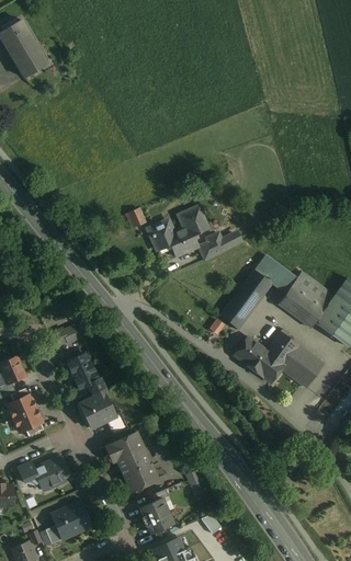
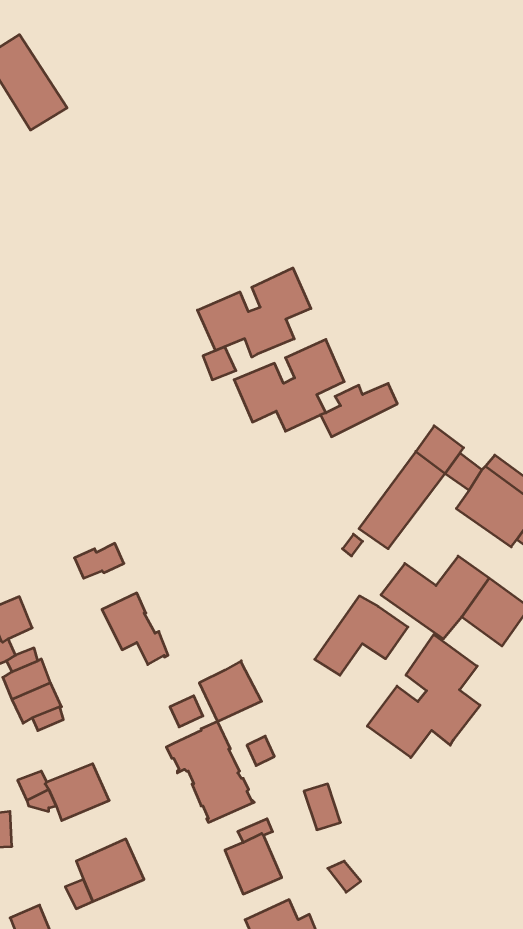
building: none -> [197,268,311,357]
building: none -> [315,596,408,675]
building: none -> [367,635,480,758]
building: [78,391,115,427] -> [199,661,262,721]

